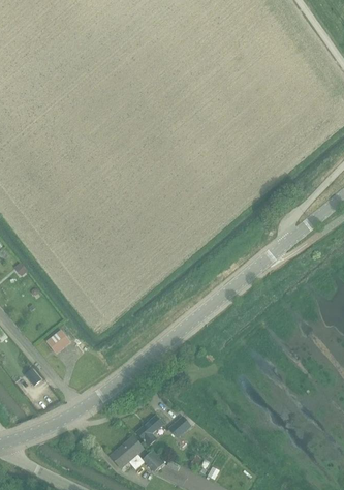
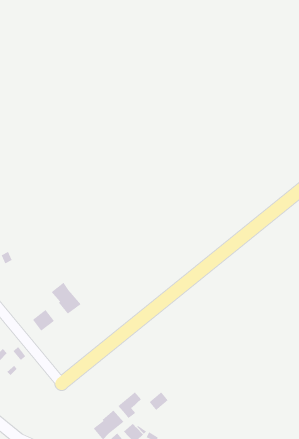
building: none -> [51,282,81,315]

